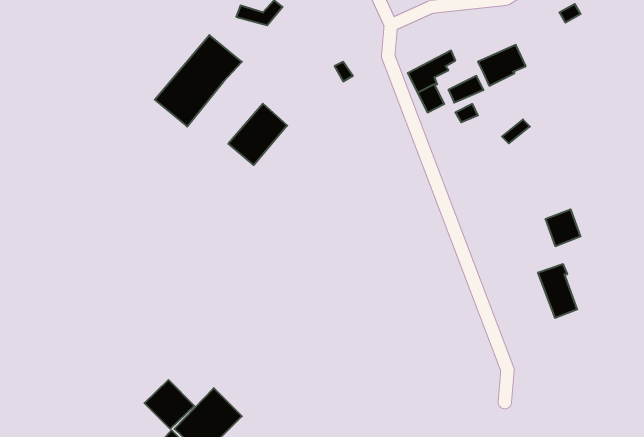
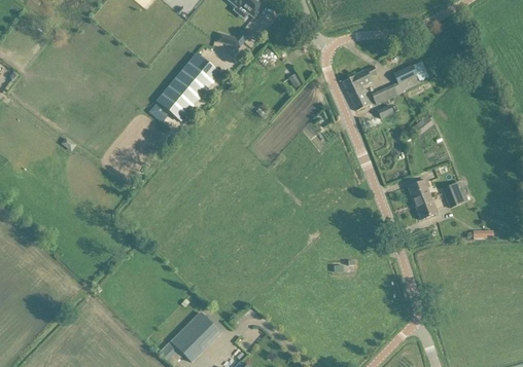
building: [228,104,287,165] -> none
building: [538,264,577,318] -> [407,180,435,219]
building: [144,380,194,429] -> none

